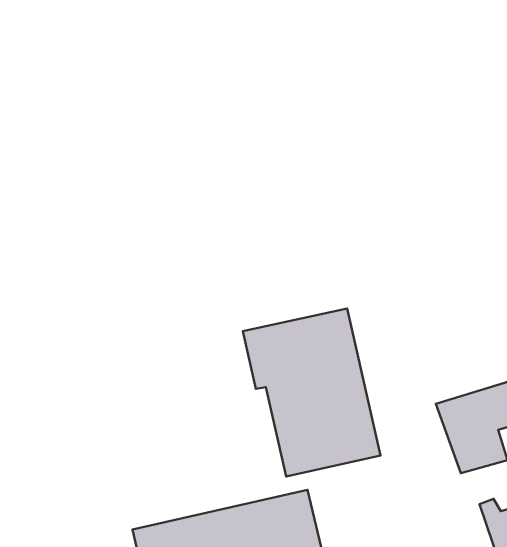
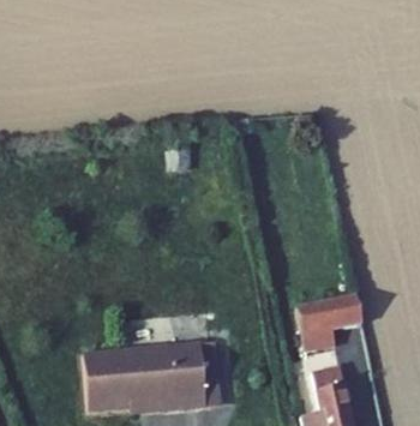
building: [243,308,380,477] -> none

